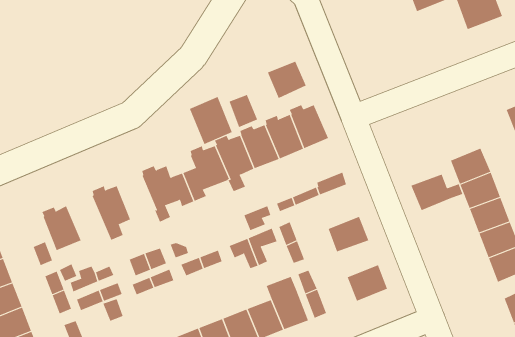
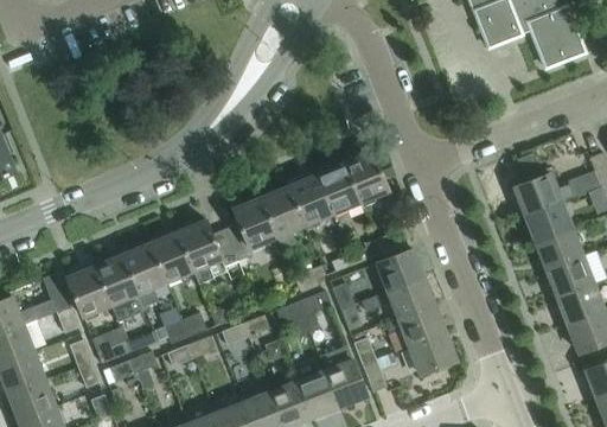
building: [267,61,306,99] -> none
building: [229,94,258,128] -> none
building: [189,96,233,145] -> none
building: [411,174,463,211] -> [513,173,573,215]
building: none -> [149,231,194,281]
building: none -> [376,249,423,292]
building: none -> [94,255,145,321]
building: none -> [32,273,70,319]
building: none -> [384,305,445,352]

